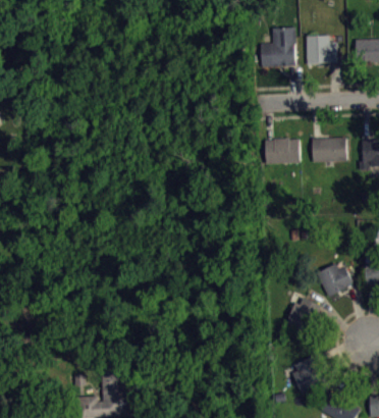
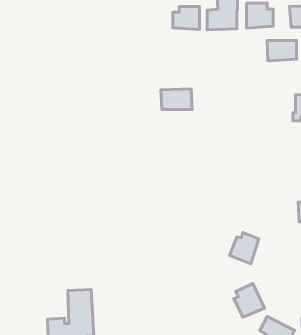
building: none -> [173,6,200,30]
building: [264,139,300,162] -> [161,89,192,109]
building: [312,139,345,162] -> [267,40,296,61]
building: [317,263,353,296] -> none

